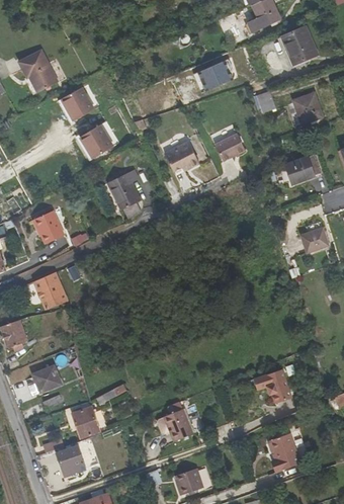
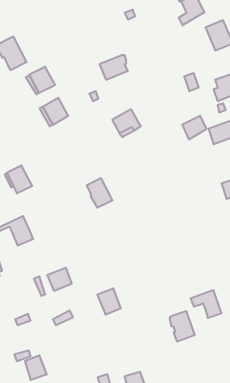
building: [194,61,230,91] -> [99,55,128,80]
building: [216,130,246,159] -> [182,116,207,139]
building: [109,175,142,212] -> [87,178,113,208]
building: [32,364,63,393] -> [47,268,72,291]
building: [72,408,99,438] -> none
building: [164,409,193,441] -> [97,288,121,315]
building: [271,432,303,470] -> [170,311,195,341]

